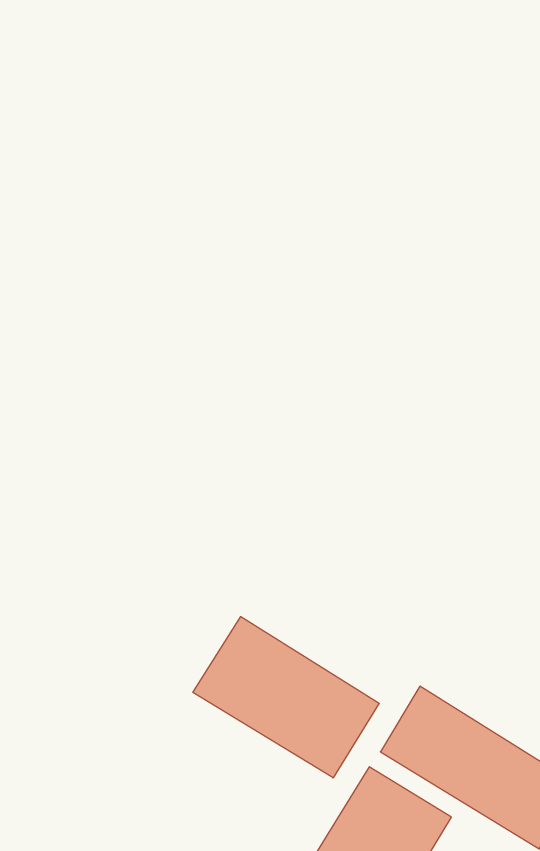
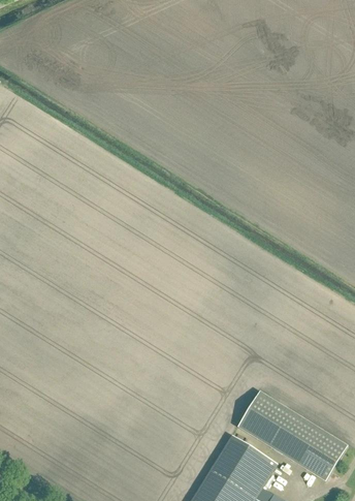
building: [193,617,379,778] -> none

